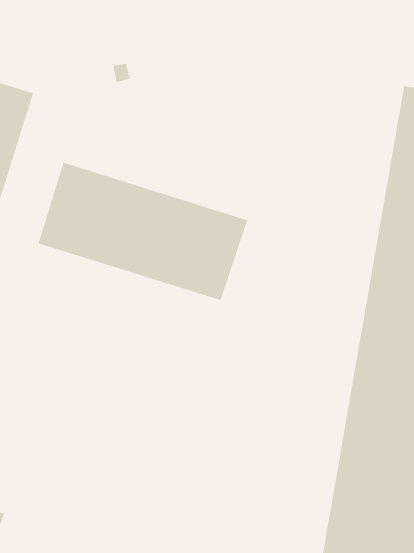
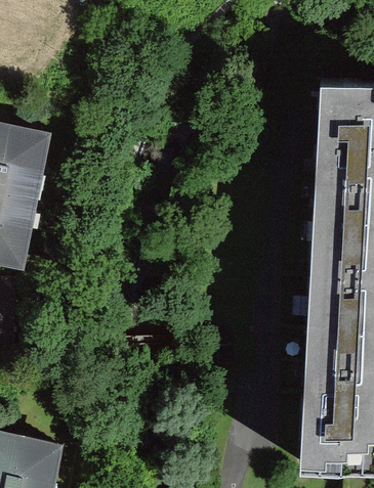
building: [38,162,248,301] -> none

